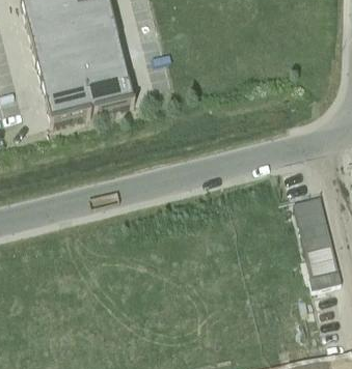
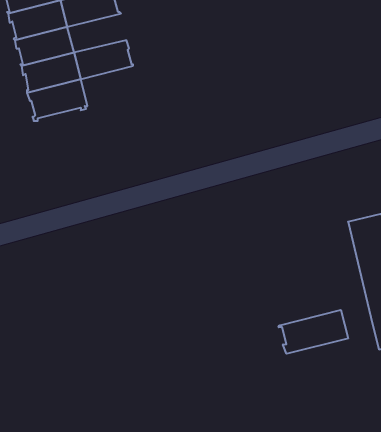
building: [77,36,123,66] -> none
building: [87,77,135,109] -> none
building: none -> [279,310,348,354]

